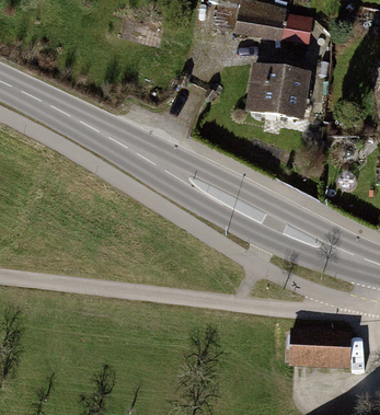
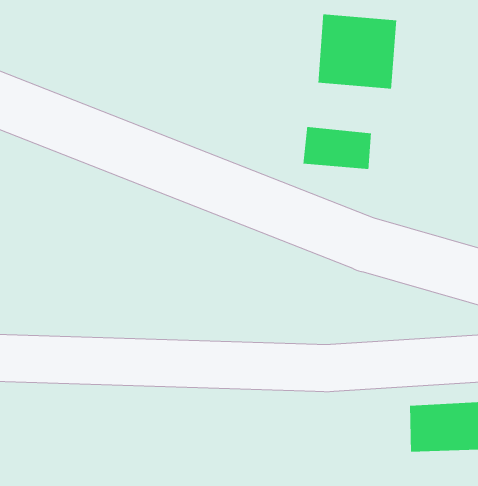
building: none -> [302,126,372,170]

